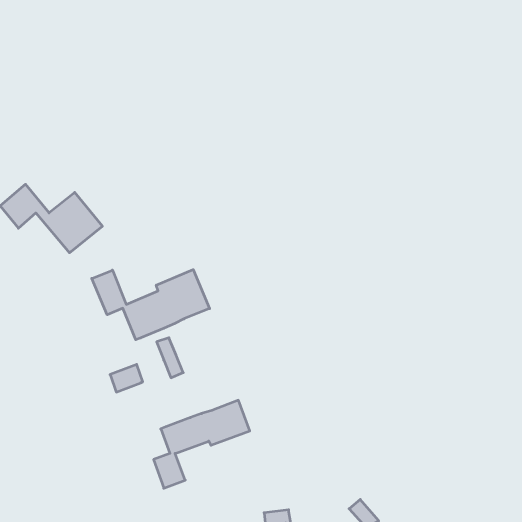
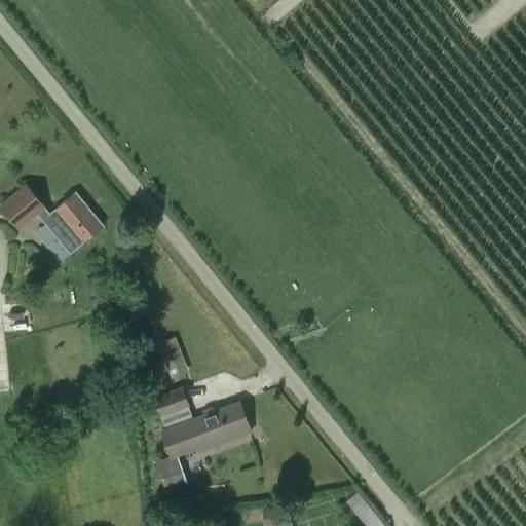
building: [92,270,210,340] -> none
building: [110,364,143,392] -> [155,388,188,416]

